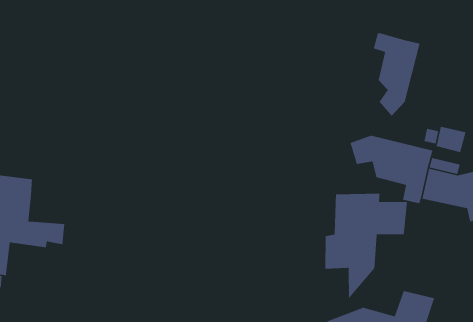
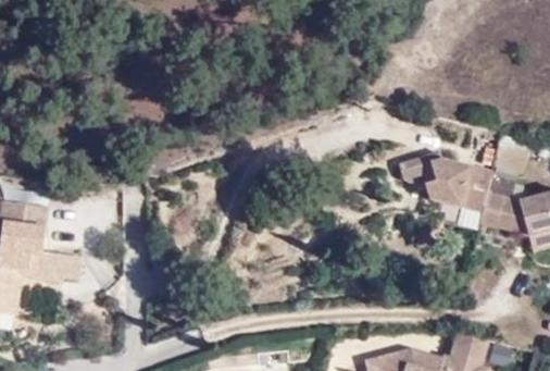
building: [373,33,420,117] -> none
building: [325,193,408,300] -> none

